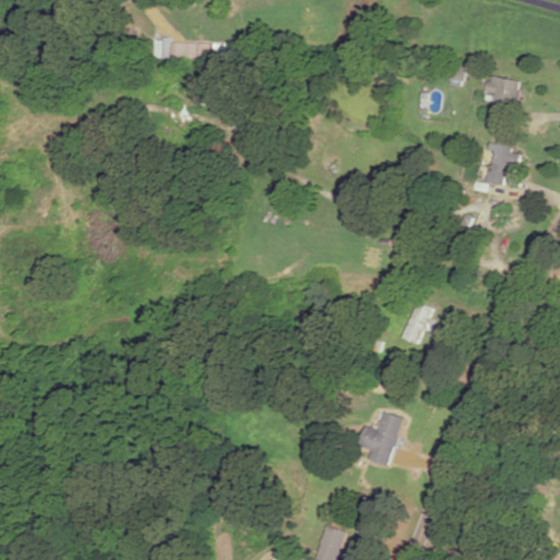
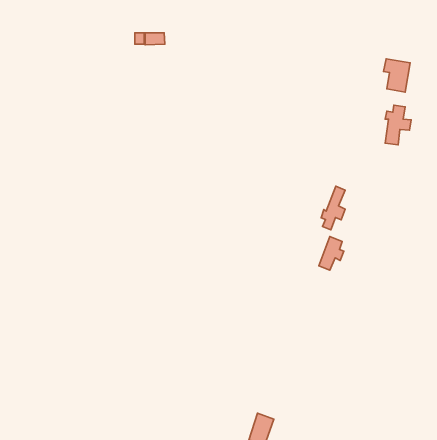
building: none -> [321,186,345,230]
building: [358,411,401,466] -> none

